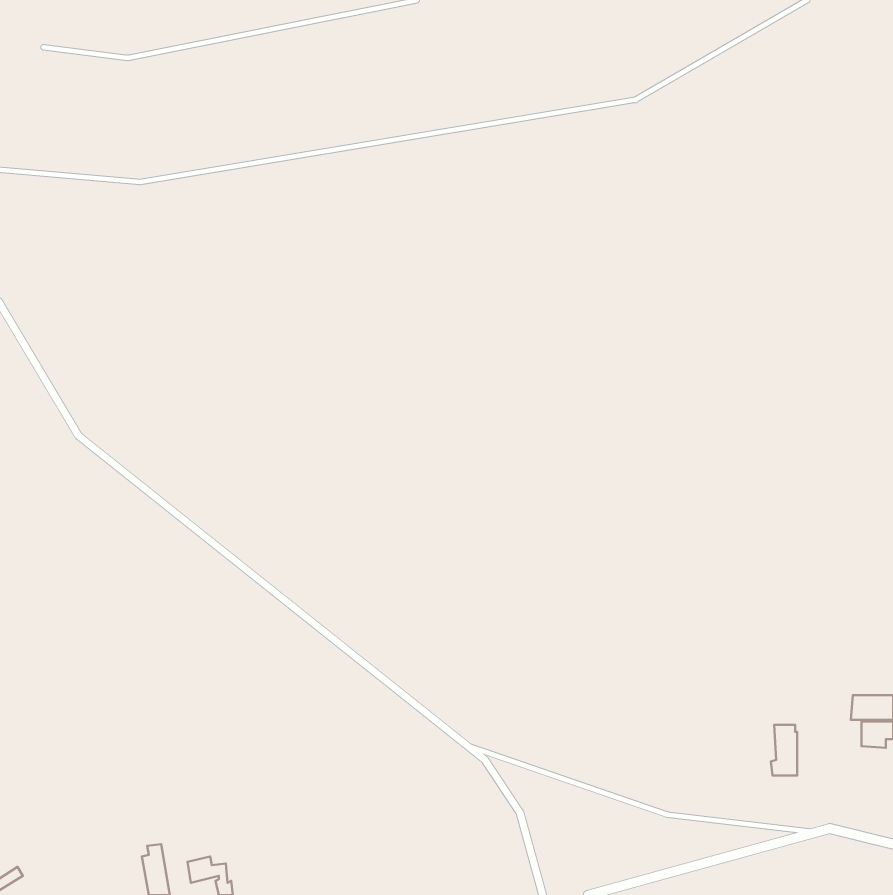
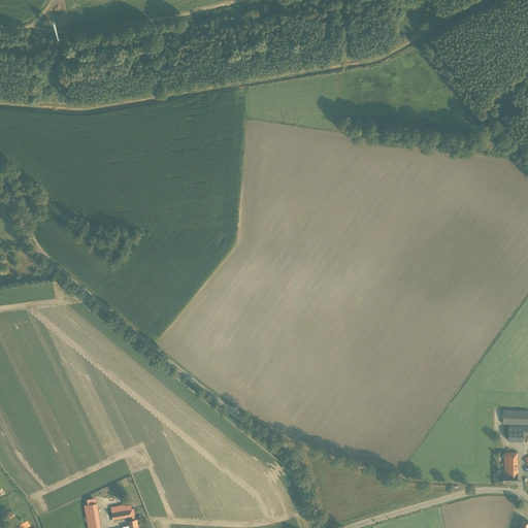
building: [771,725,797,776] -> [501,453,517,483]

